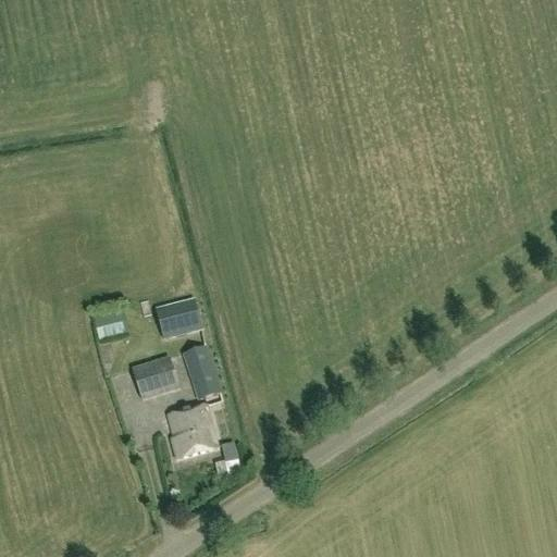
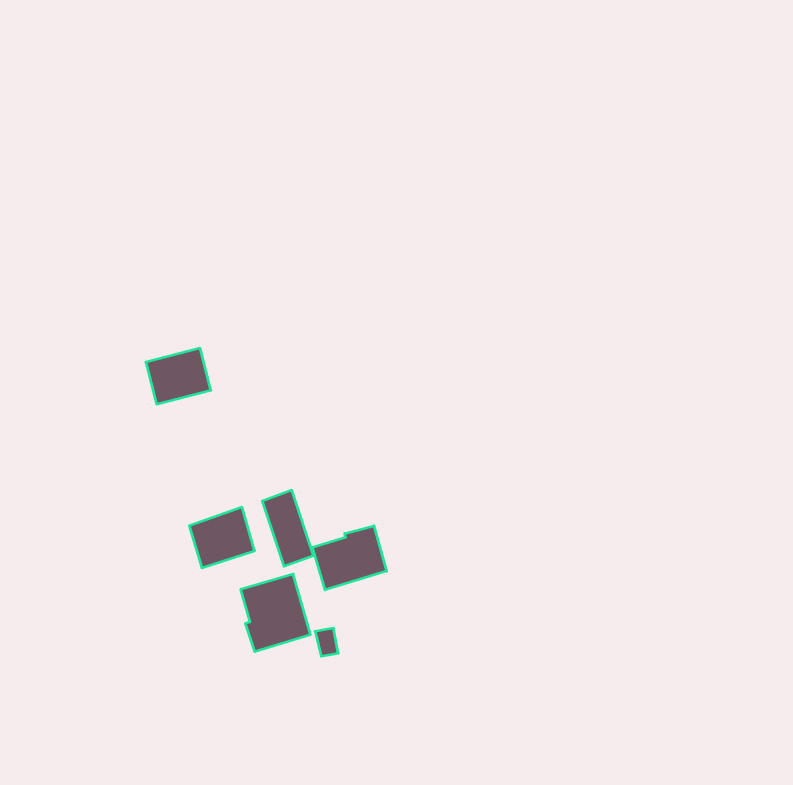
building: [157,297,202,336] -> [146,348,211,404]
building: none -> [312,526,387,590]

